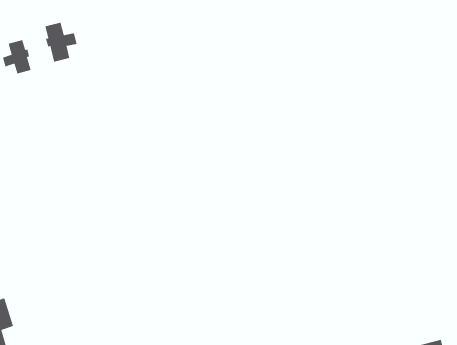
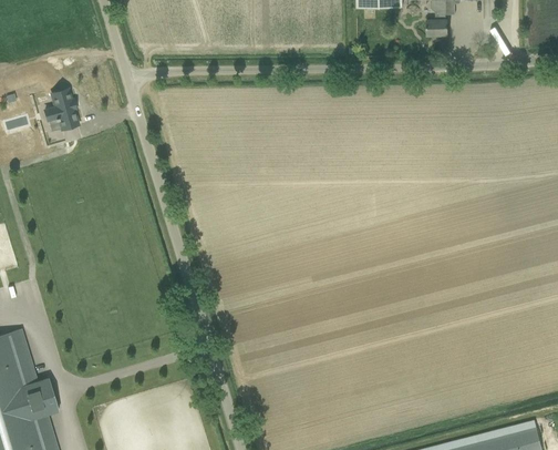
building: [45,22,77,63] -> none

